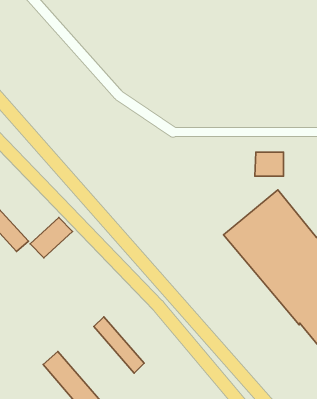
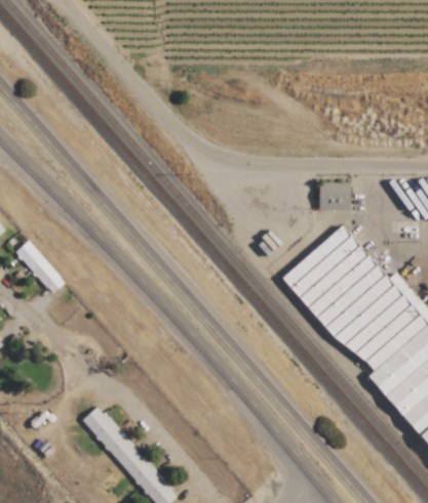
building: [30,217,73,258] -> none
building: [94,317,144,373] -> none

